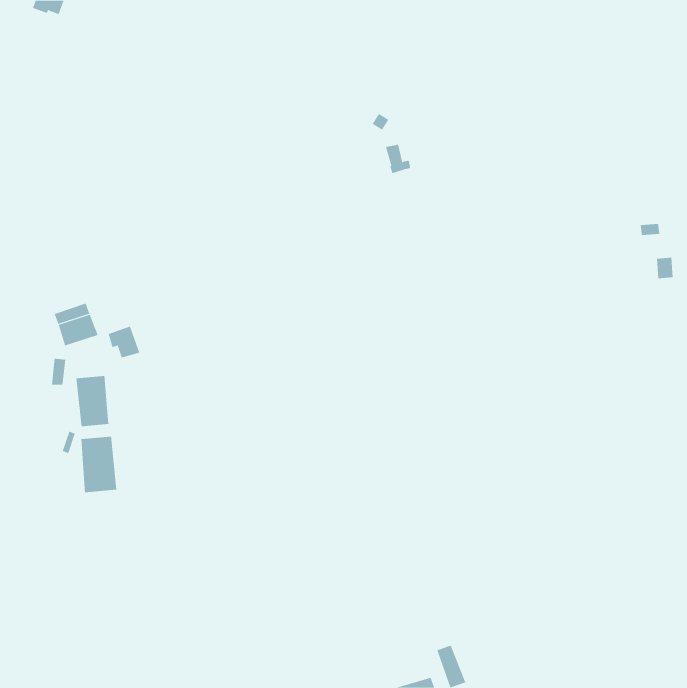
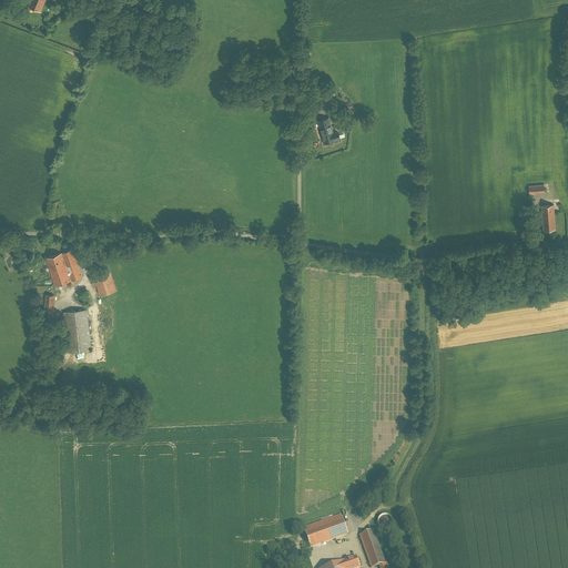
building: [81,436,117,493] -> none
building: none -> [302,513,347,548]

